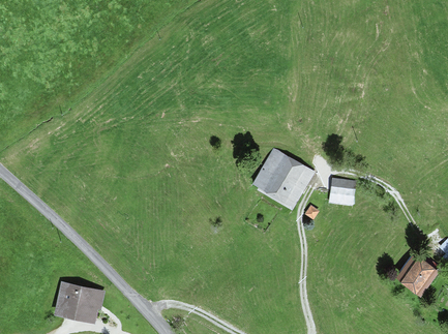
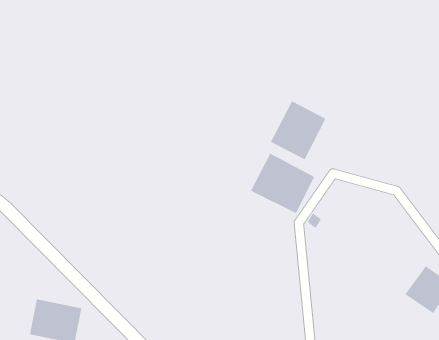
building: none -> [270,101,326,160]
building: [330,177,355,205] -> none

